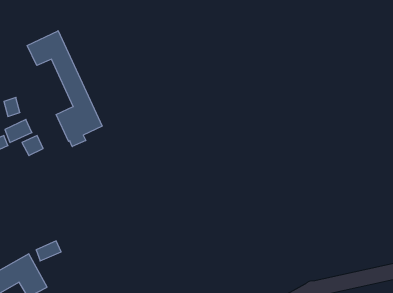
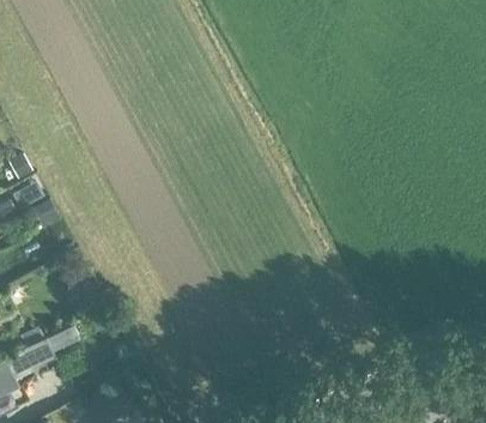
building: [27,31,102,147] -> none

